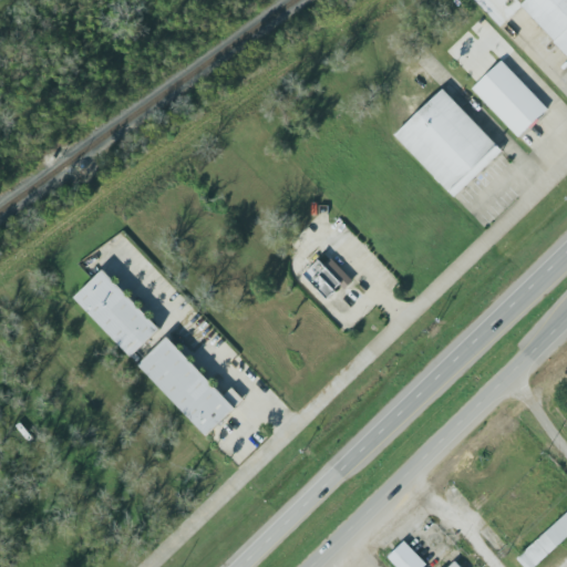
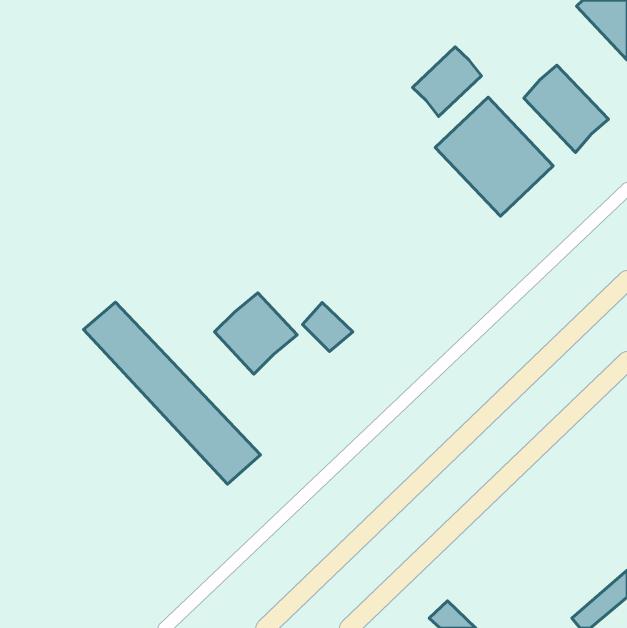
building: none -> [412,47,481,116]
building: [306,255,351,299] -> [302,302,353,352]
building: none -> [215,293,297,374]

